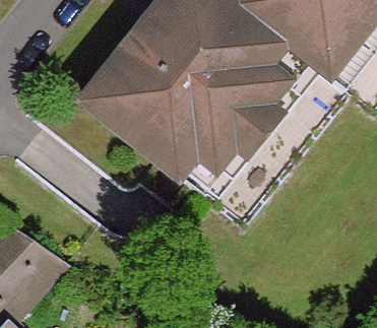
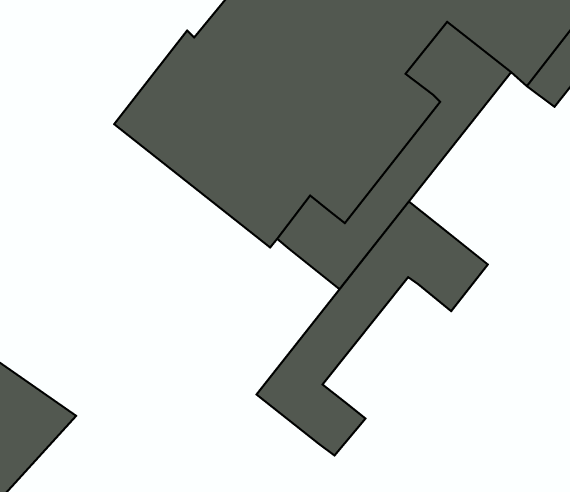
building: none -> [256,202,488,456]

